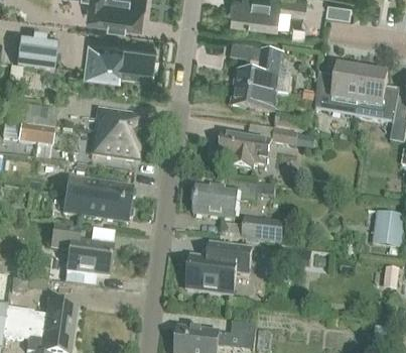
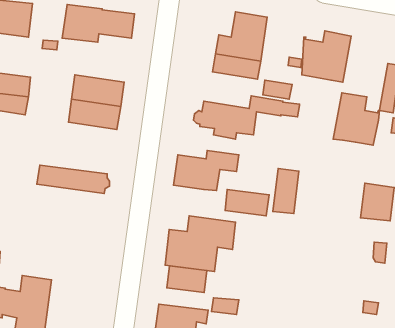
building: [355,72,399,122] -> [333,93,380,145]
building: [64,178,134,204] -> none
building: none -> [273,168,299,214]
building: [49,226,111,286] -> none
building: none -> [167,266,207,293]

